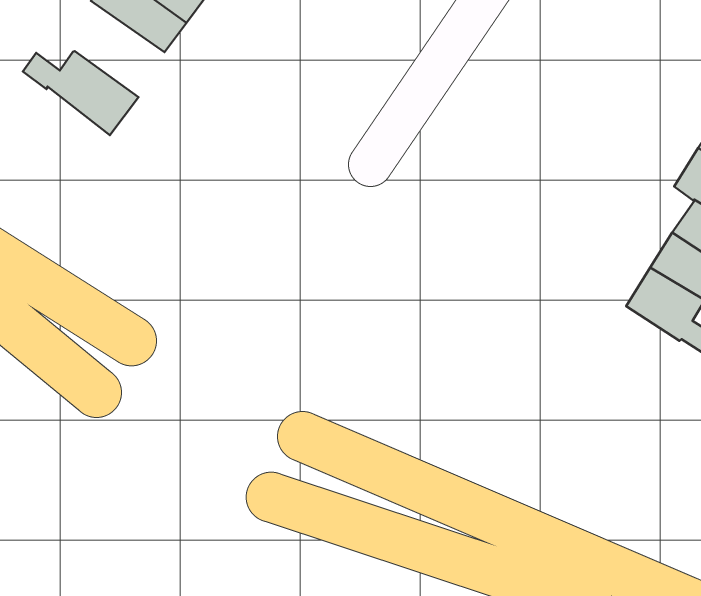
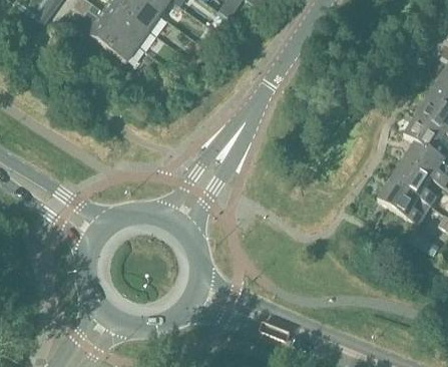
building: [23,51,138,135] -> none

